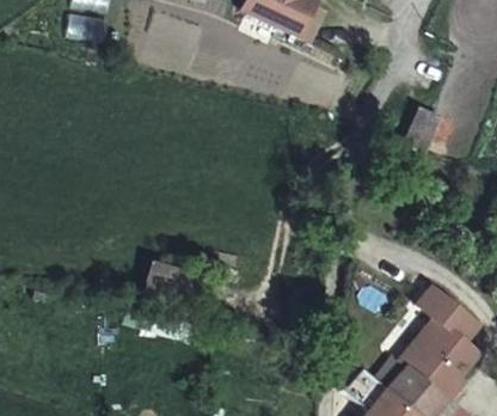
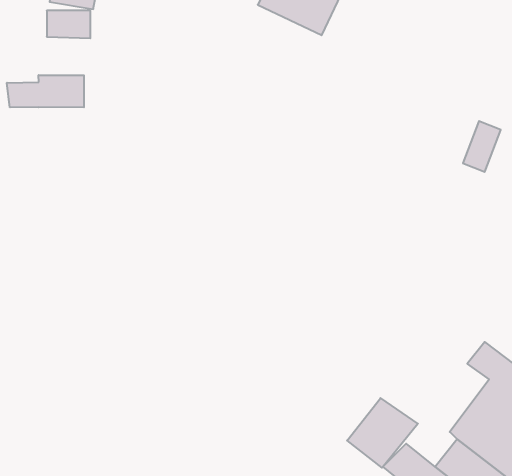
building: none -> [7,75,84,107]
building: [145,261,194,300] -> none
building: none -> [347,398,418,468]

